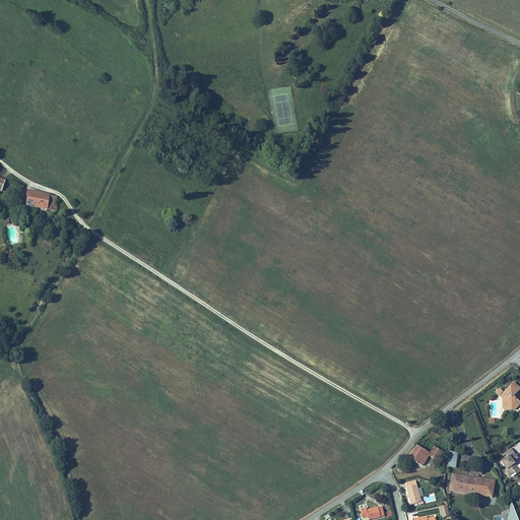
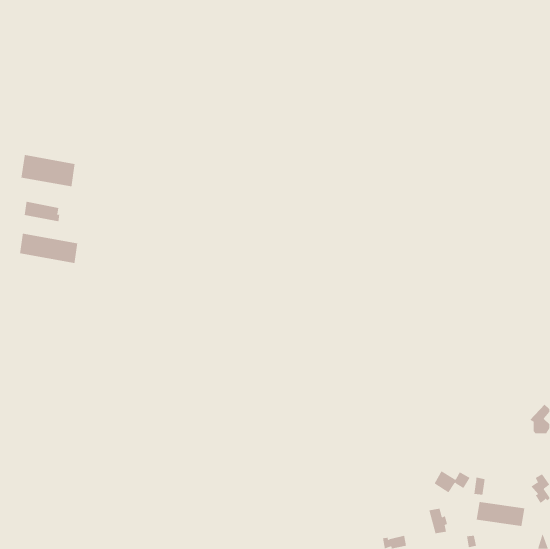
building: none -> [21,154,75,187]
building: none -> [19,233,78,264]

